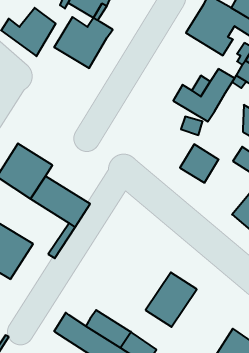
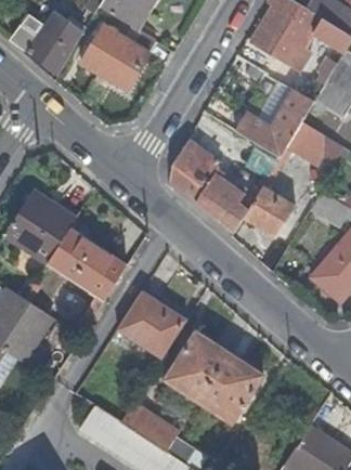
building: none -> [287,121,325,168]
building: none -> [168,139,244,230]
building: none -> [117,290,190,360]
building: none -> [165,331,231,402]

